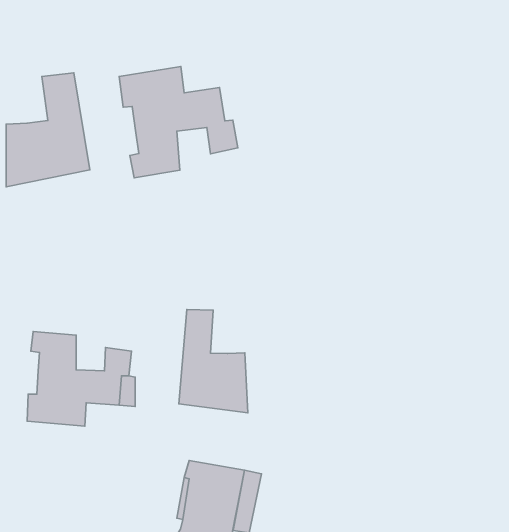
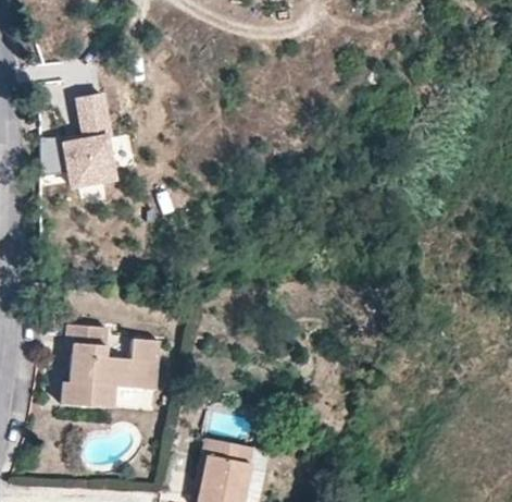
building: [119,67,238,178] -> none
building: [179,309,248,413] -> none

